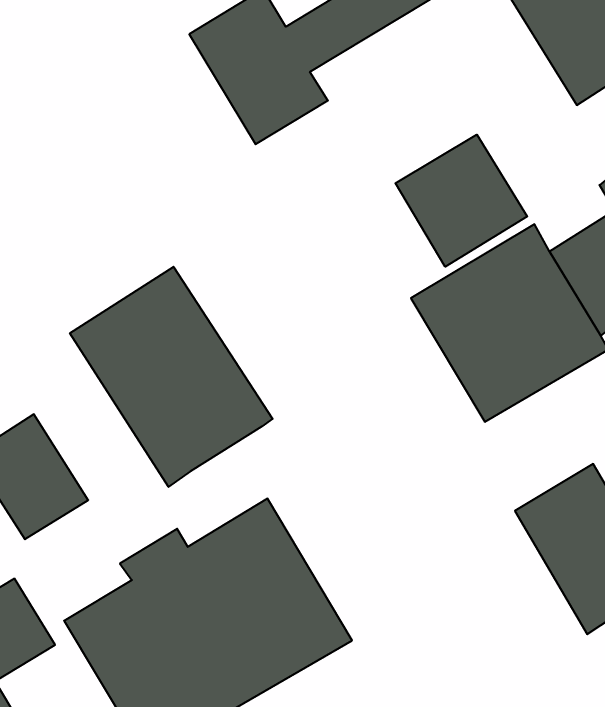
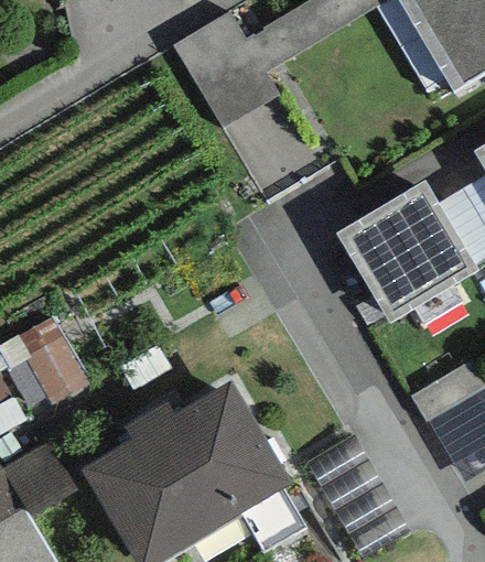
building: [395,135,527,267] -> none
building: [70,267,273,487] -> none

